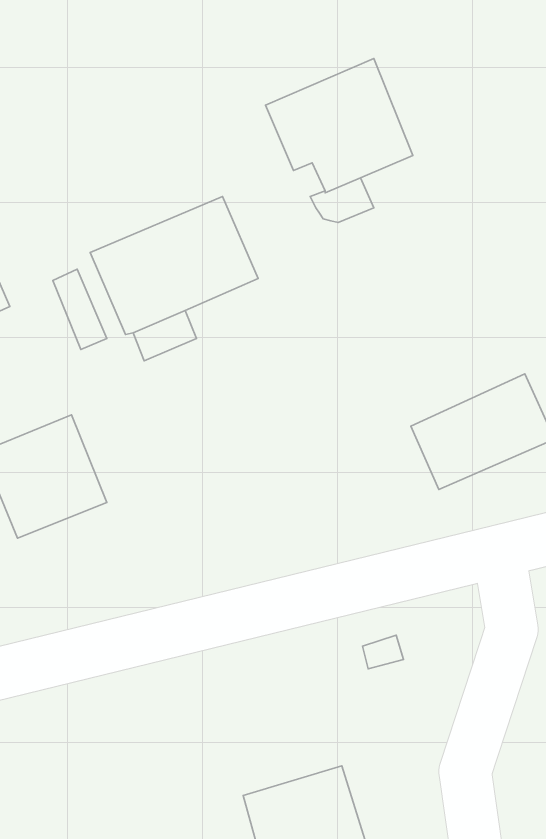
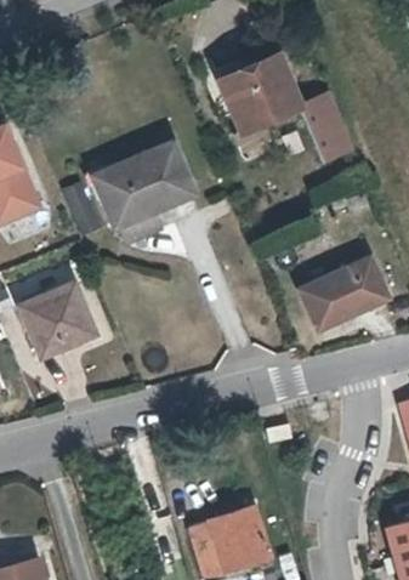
building: none -> [300,96,354,164]

